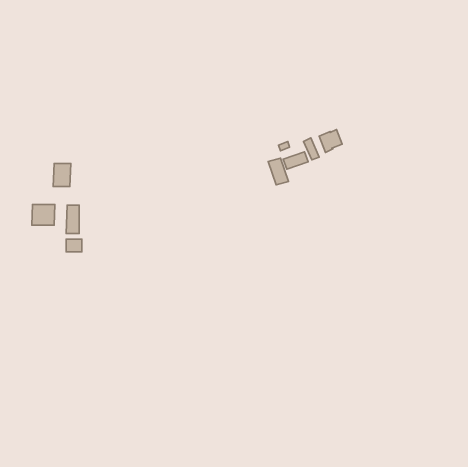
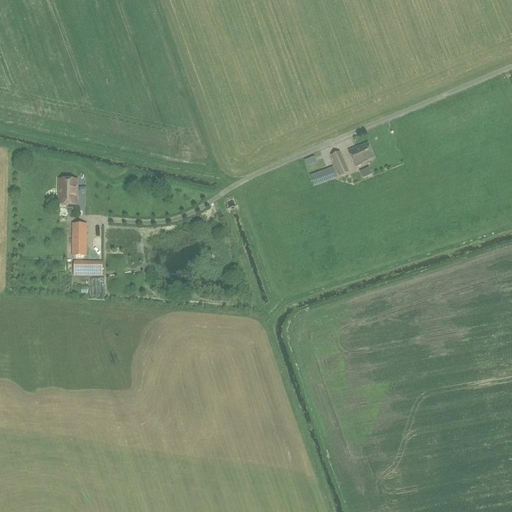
building: [268,158,289,185] -> none
building: [32,205,55,225] -> none

